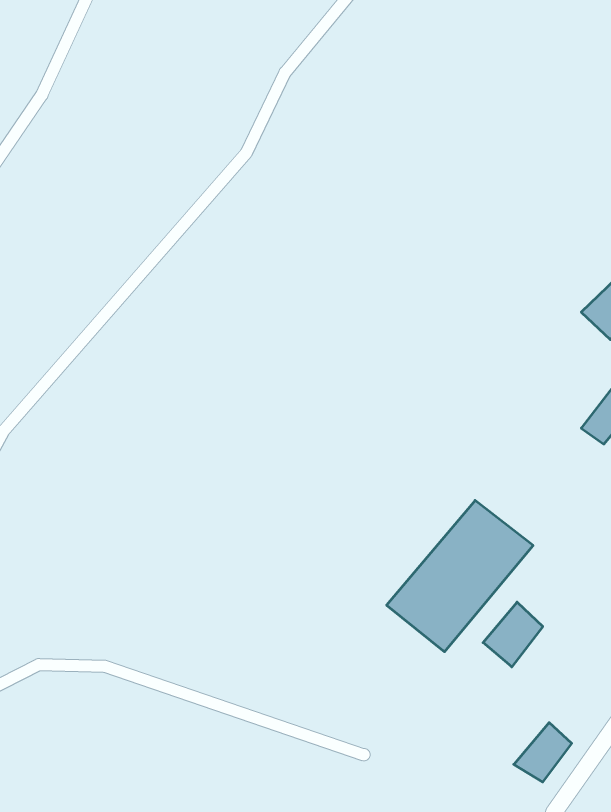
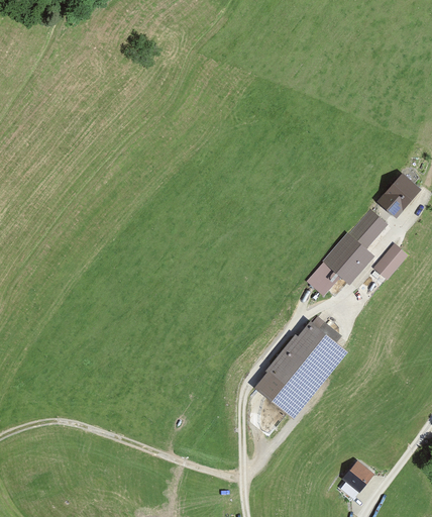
building: none -> [309,211,388,296]
building: [483,602,543,667] -> none

